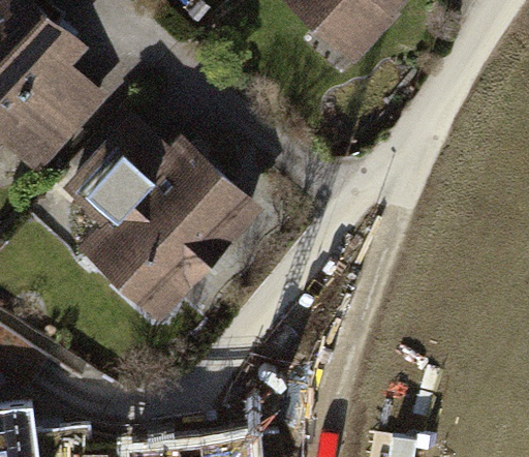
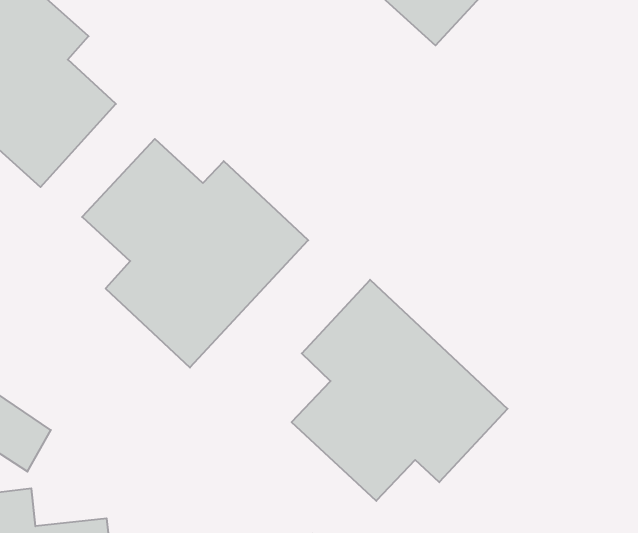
building: none -> [292,280,508,501]

